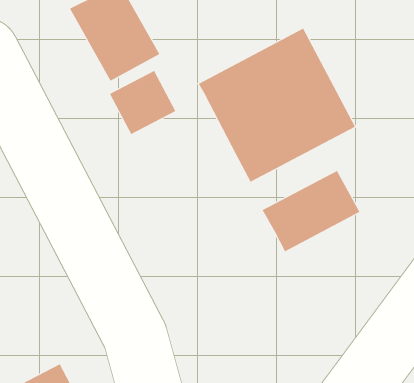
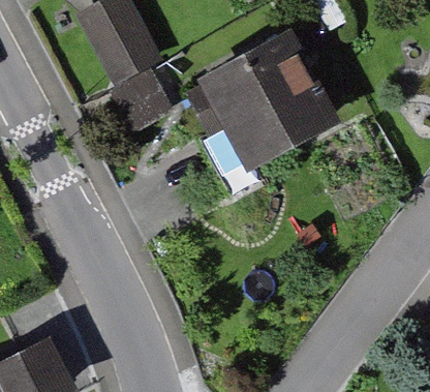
building: [262,170,360,252] -> none

